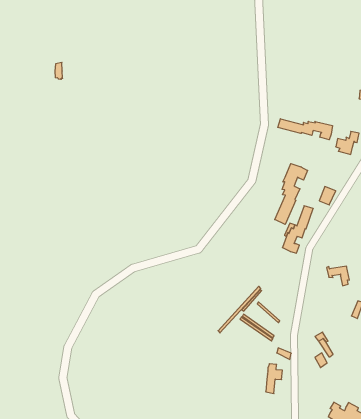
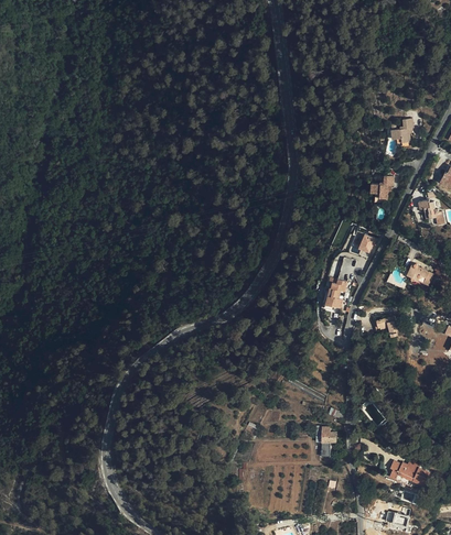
building: [278,119,332,140] -> none
building: [275,164,308,224] -> none

